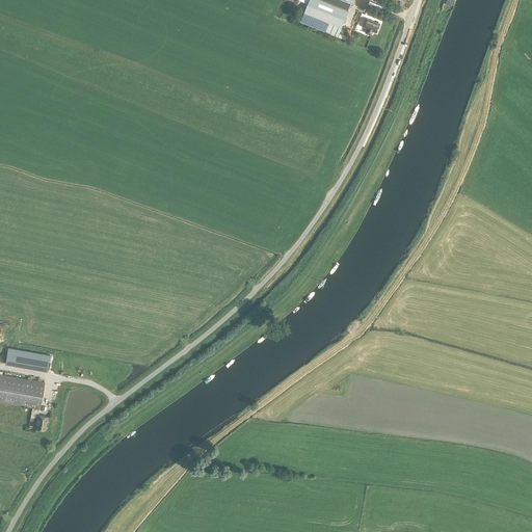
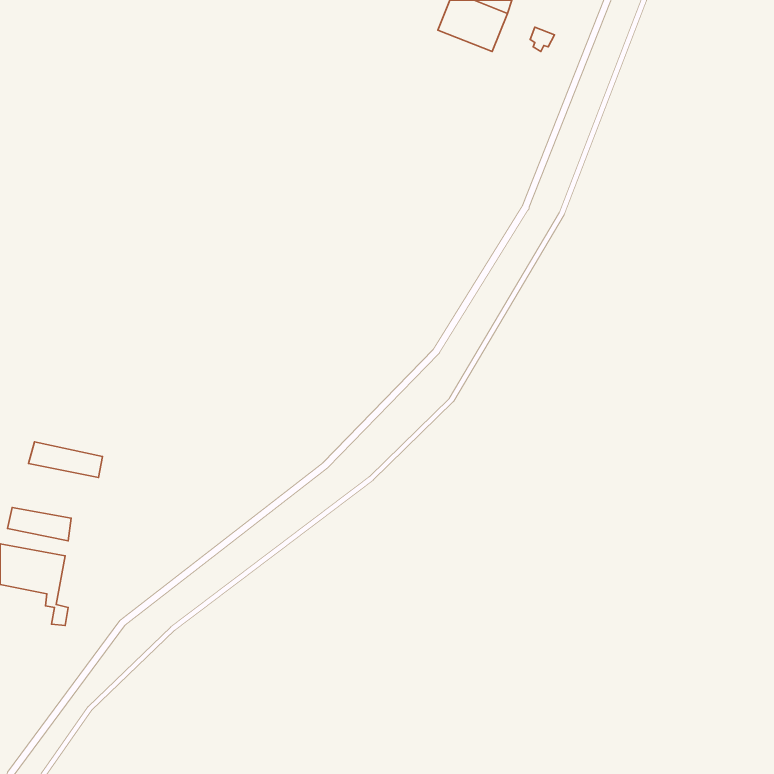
building: none -> [29,442,102,478]

